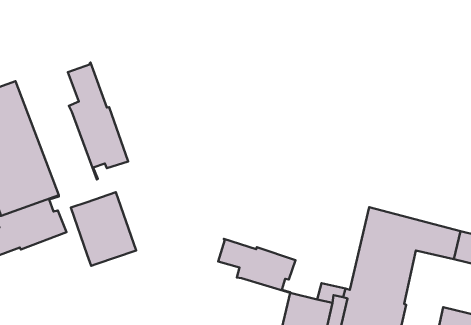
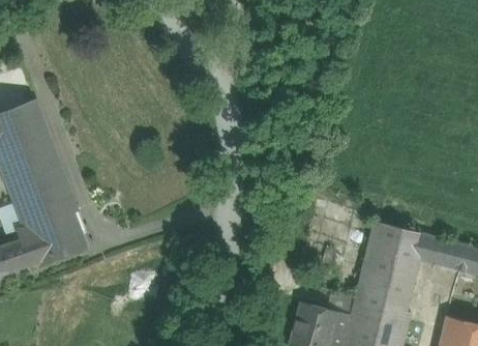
building: [68,62,128,180] -> none
building: [71,192,136,266] -> none
building: [218,239,296,293] -> none

